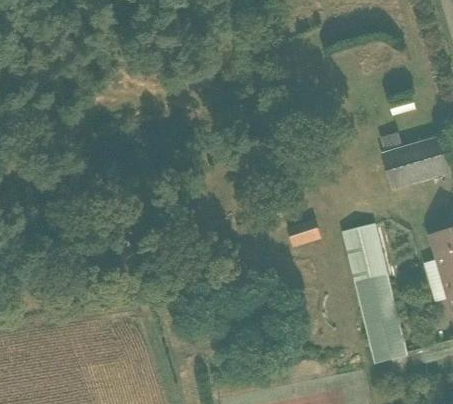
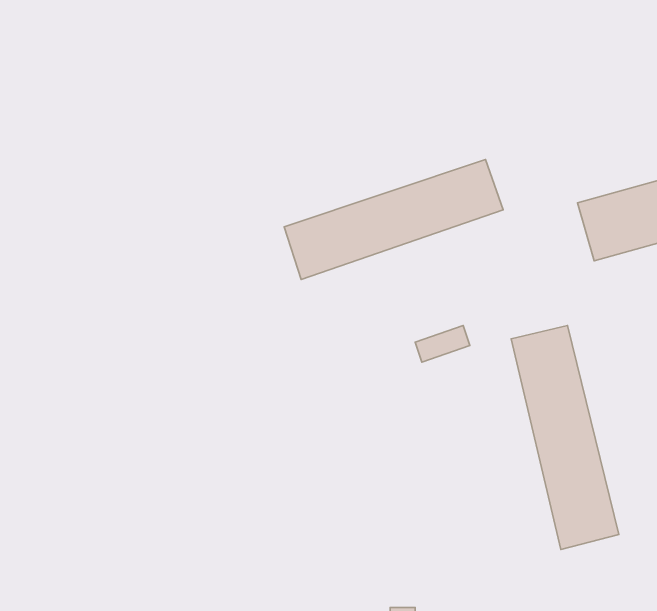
building: none -> [284,159,503,280]

